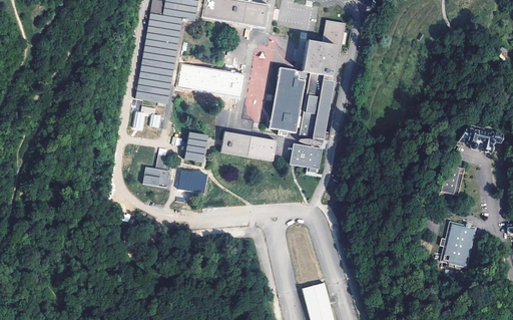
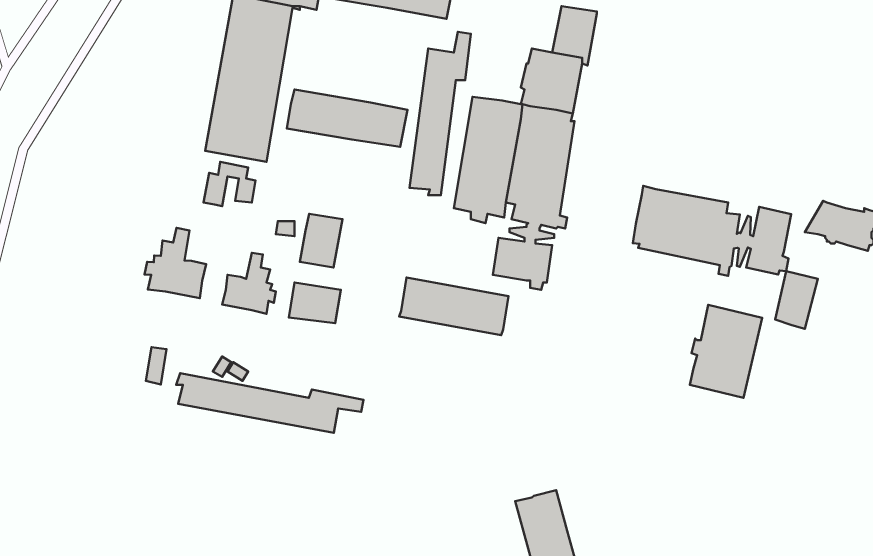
building: none -> [633,186,791,276]
building: [220,131,280,163] -> [399,278,509,335]
building: none -> [144,228,206,298]
building: [439,218,478,268] -> [690,305,762,398]
building: none -> [176,373,363,433]

